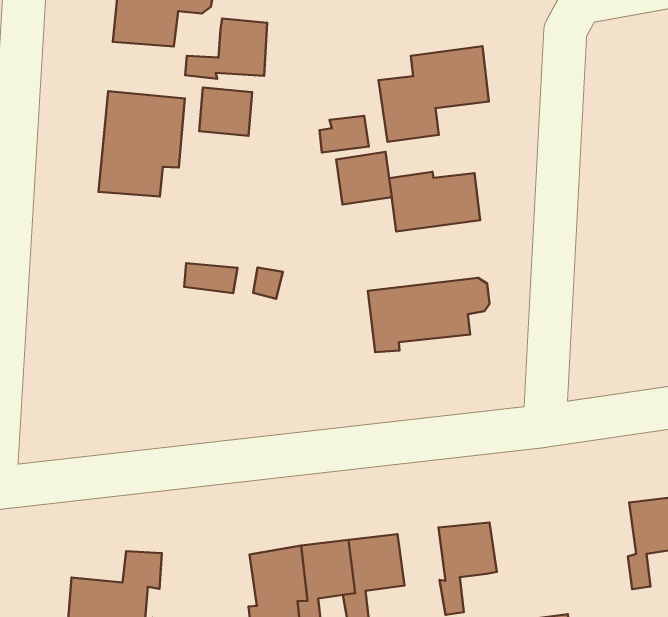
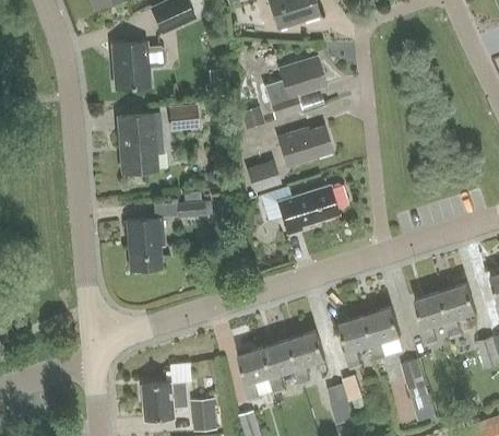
building: [185,19,267,79] -> none
building: [336,152,392,205] -> [246,160,280,192]
building: none -> [127,217,165,271]
building: none -> [413,292,449,346]
building: none -> [366,307,400,361]

